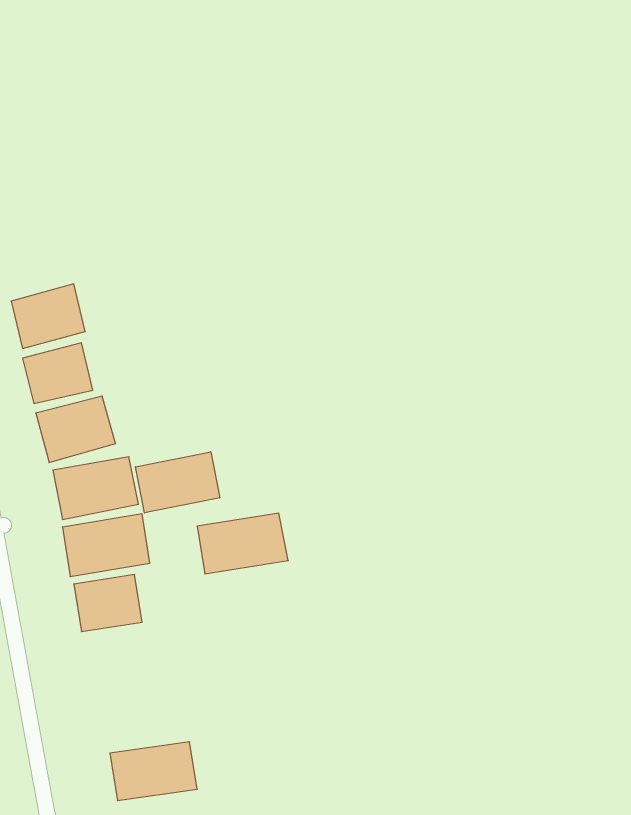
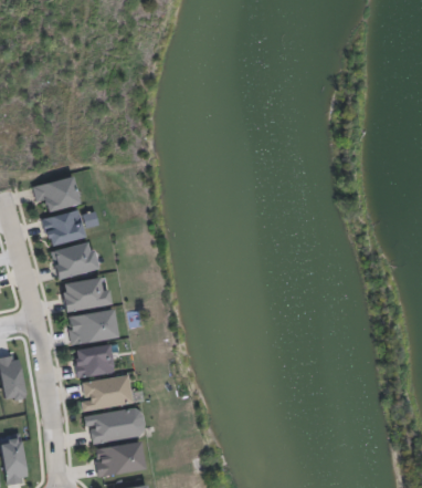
building: [135,452,220,513] -> none
building: [197,513,288,574] -> [81,376,134,412]
building: none -> [89,409,140,445]

